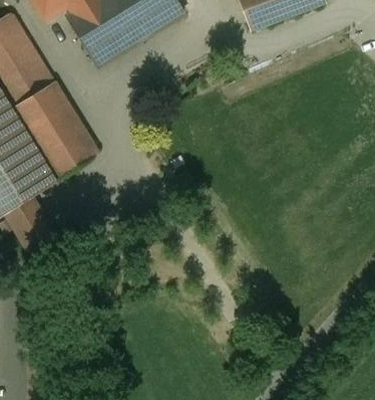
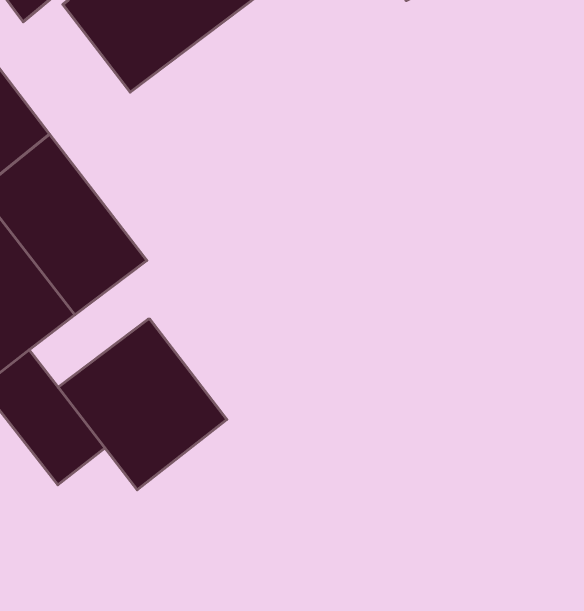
building: none -> [58,319,227,490]

